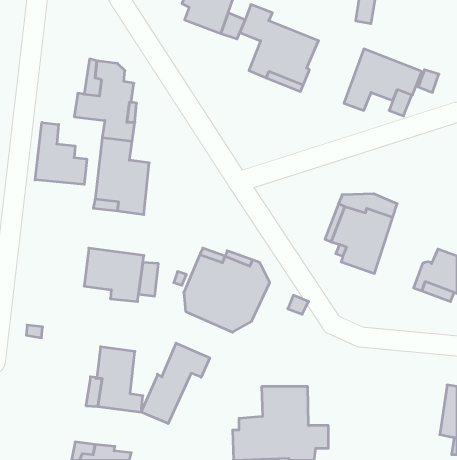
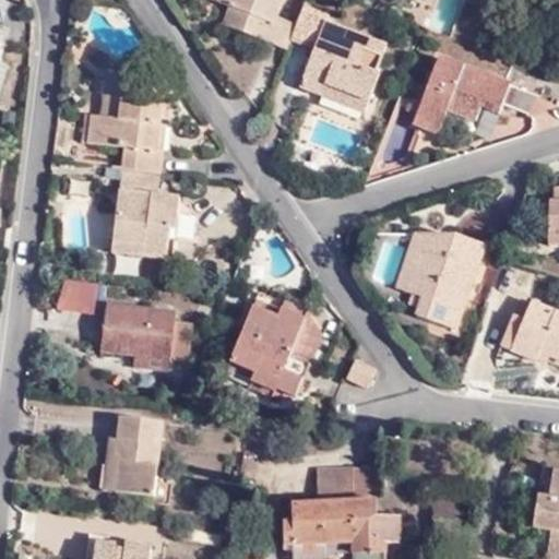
building: [35,122,87,184] -> none
building: none -> [57,275,90,308]
building: [141,343,210,424] -> none

